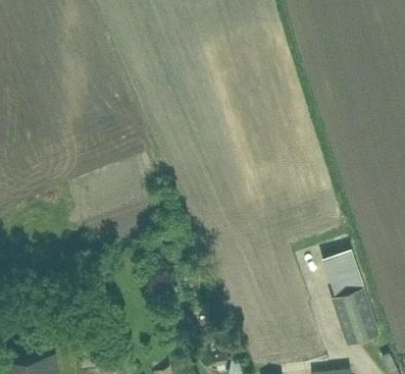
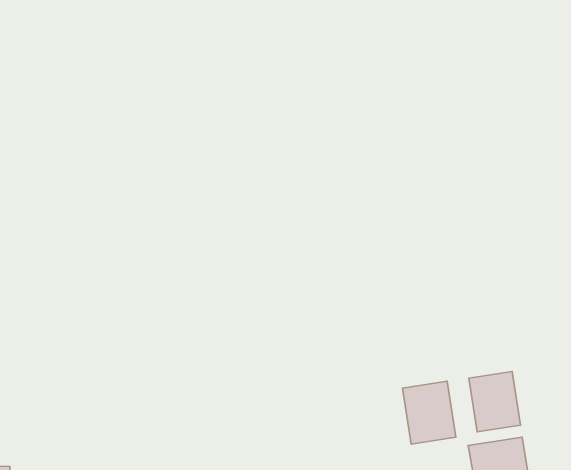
building: none -> [402,381,456,444]

